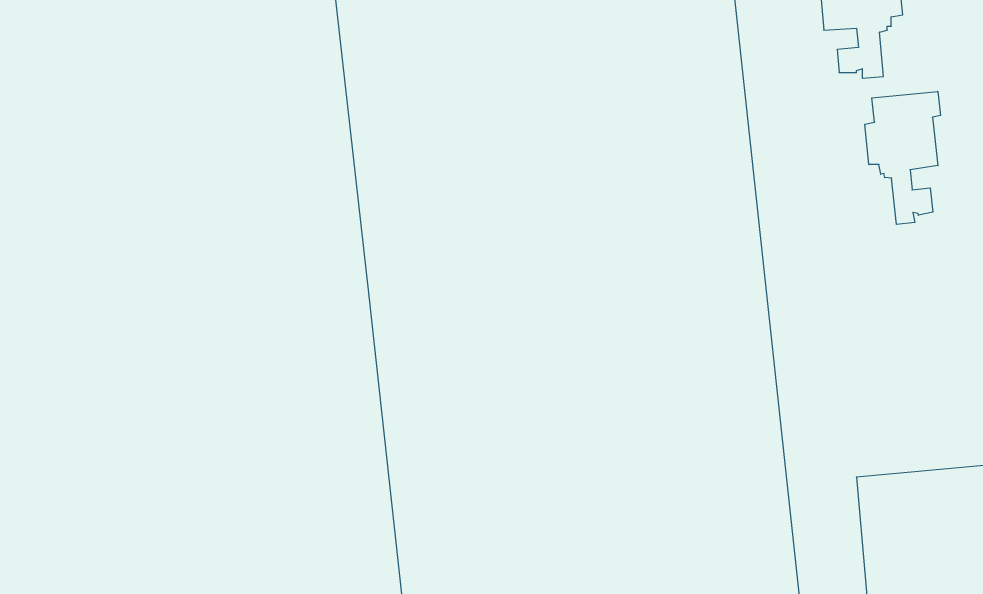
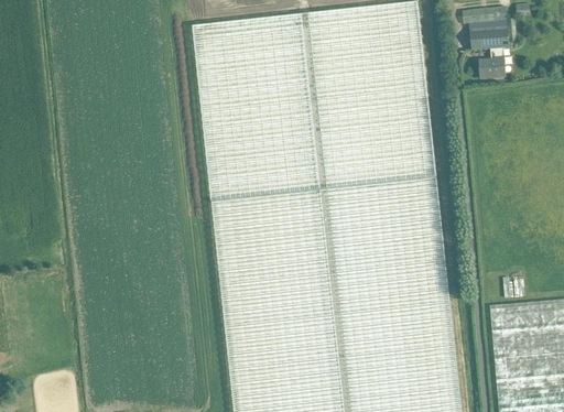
building: [865,91,940,224] -> none

